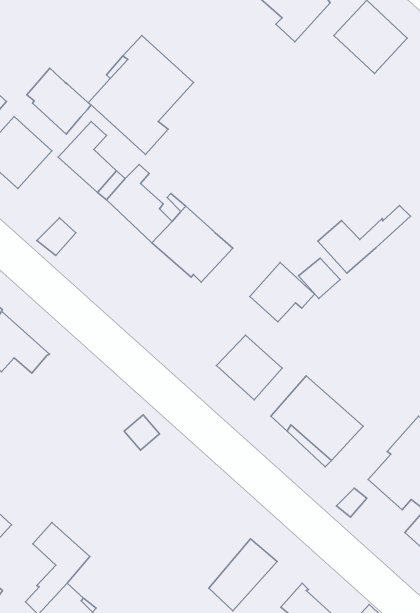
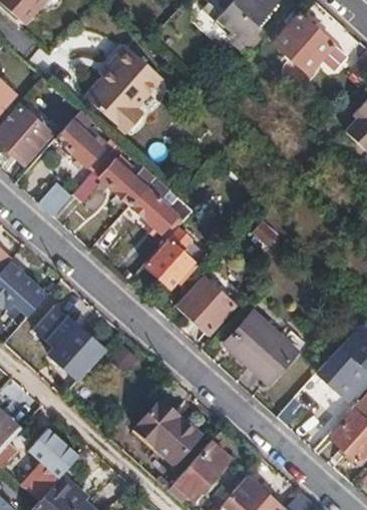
building: [27,68,91,134] -> none
building: [318,206,411,273] -> none
building: [250,263,314,322] -> [147,241,199,289]
building: none -> [36,309,105,381]
building: none -> [137,401,202,464]

